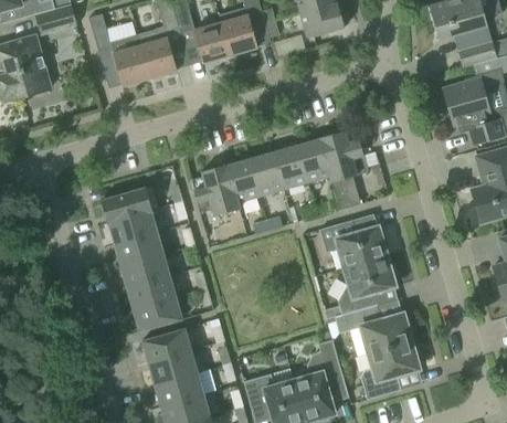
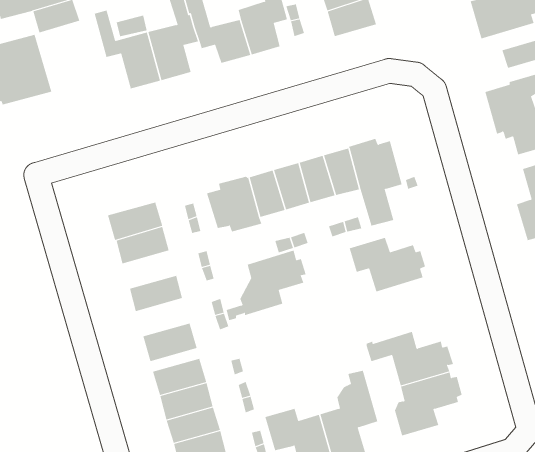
building: [114,232,163,266] -> none
building: [325,256,398,320] -> [226,250,307,321]
building: [126,275,176,309] -> none

